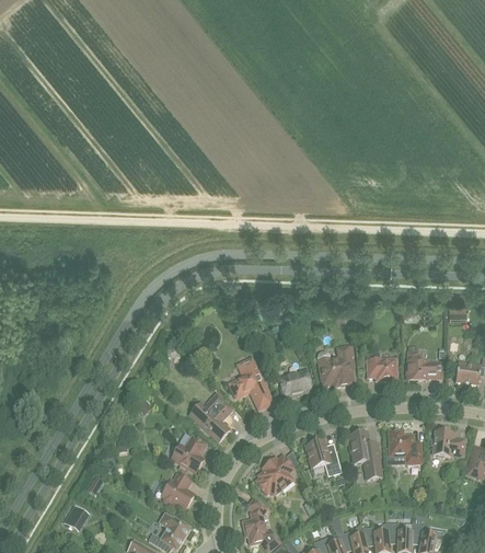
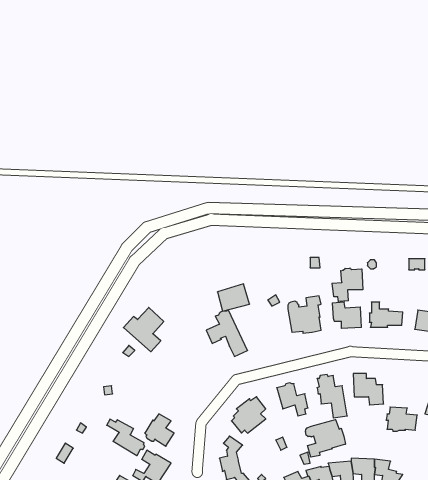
building: none -> [332,268,363,302]
building: [278,368,313,398] -> [217,284,250,311]
building: [189,392,233,440] -> [123,307,164,352]
building: [431,430,465,457] -> [386,407,417,431]
building: [171,434,206,472] -> none
building: none -> [107,419,144,456]
building: none -> [306,420,345,457]

